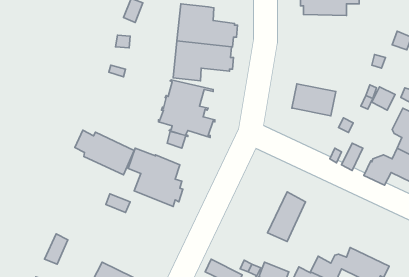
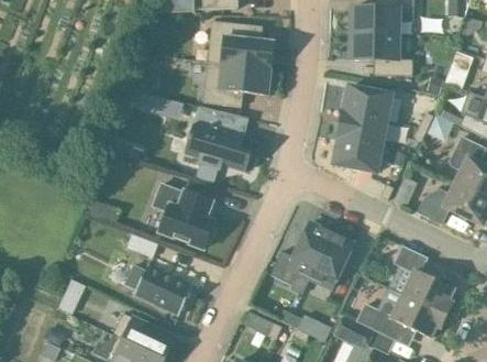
building: none -> [345,32,411,75]
building: none -> [342,85,390,119]
building: none -> [332,138,380,172]
building: [75,130,134,175] -> [123,263,190,314]
building: none -> [268,222,331,285]
building: none -> [395,246,454,316]

